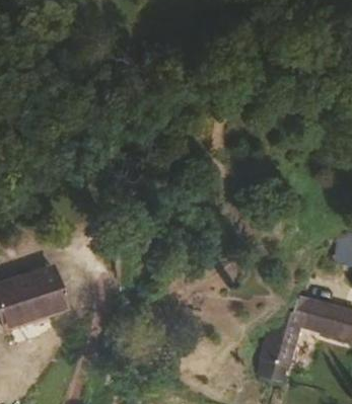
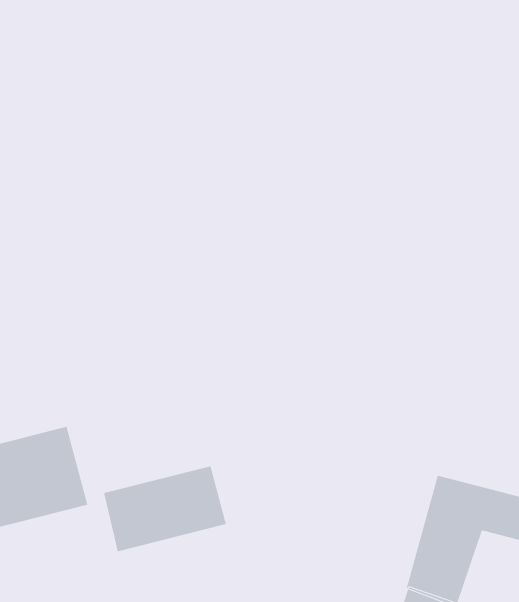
building: none -> [103,465,226,552]

